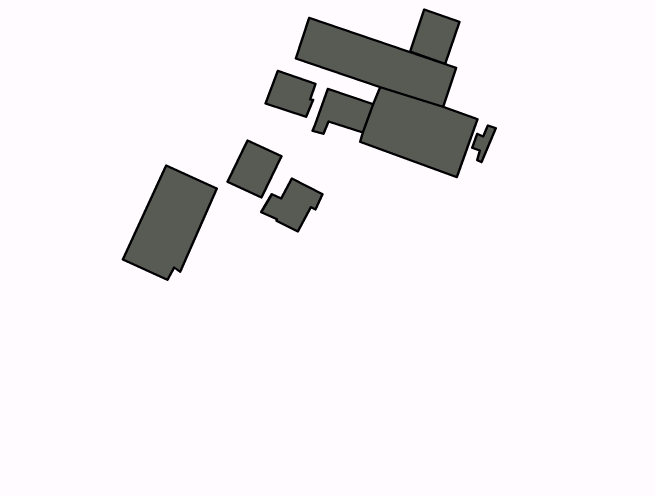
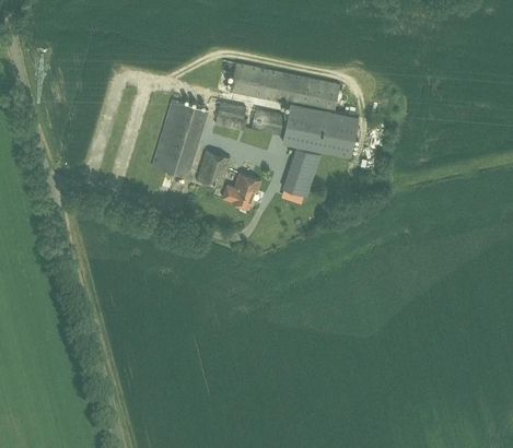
building: [410,9,460,64] -> none
building: none -> [282,146,320,197]
building: [123,166,217,280] -> [151,99,208,176]

